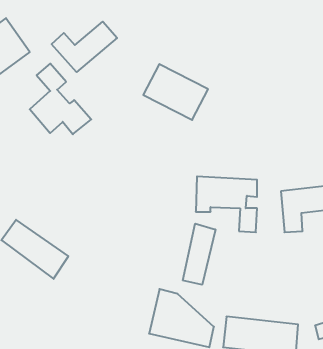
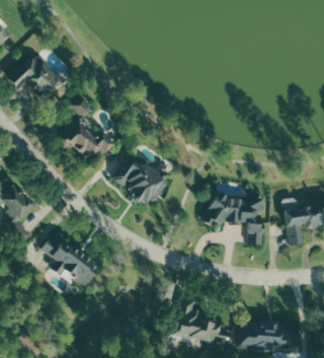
building: [52,22,117,72] -> none
building: [143,64,208,120] -> [110,155,168,205]
building: [183,224,215,285] -> none

